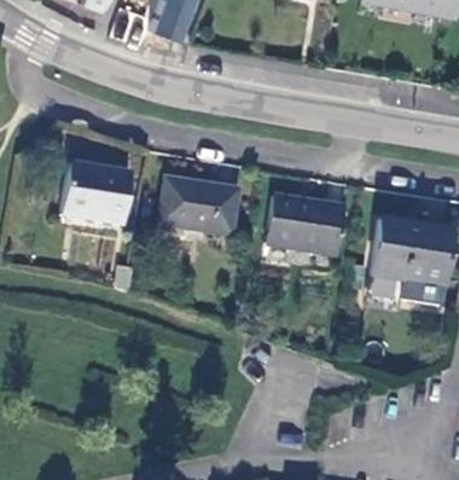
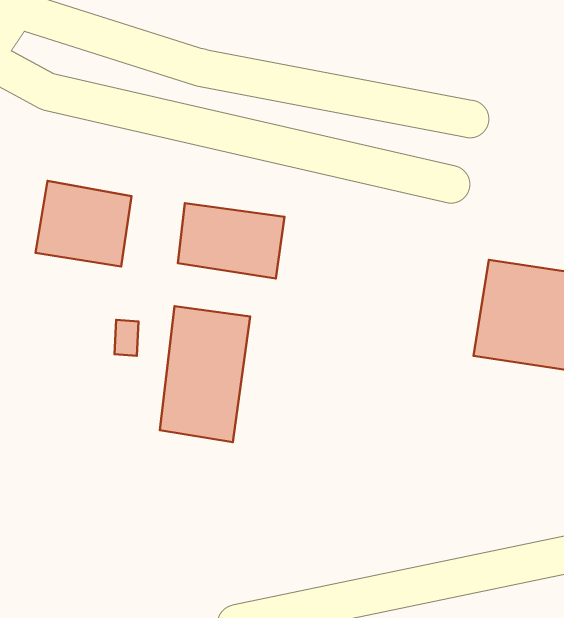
building: [267,199,344,259] -> none
building: none -> [160,306,250,442]

